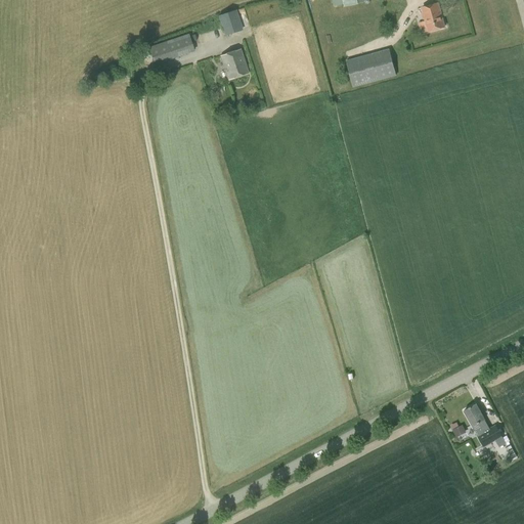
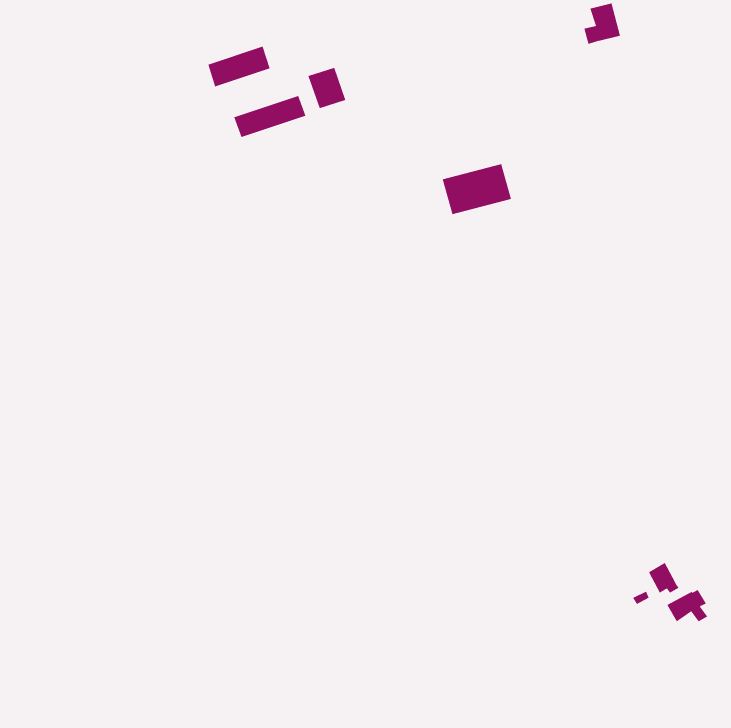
building: [219,8,244,35] -> none
building: [346,48,396,85] -> [442,163,512,215]
building: none -> [234,95,306,138]

